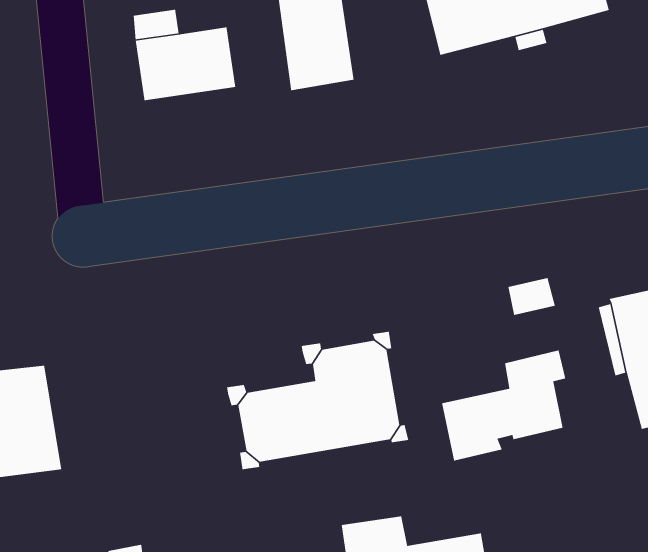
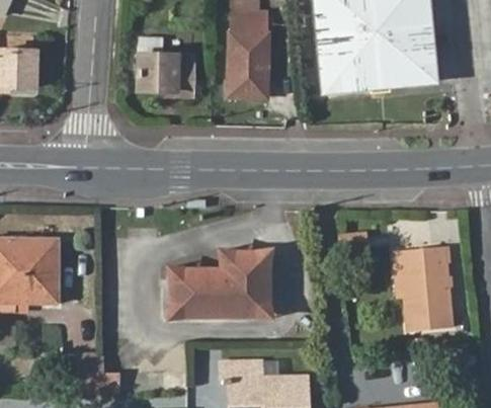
building: [441,350,566,462] -> none

